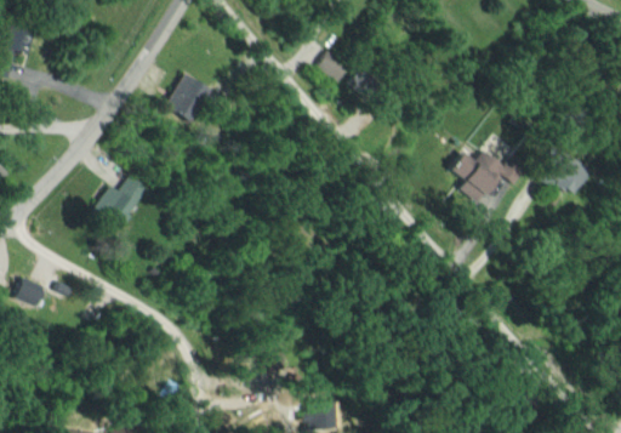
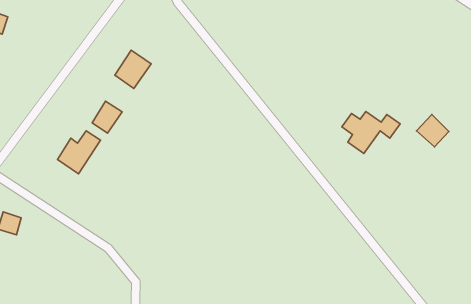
building: [317,50,349,81] -> none
building: none -> [92,101,122,133]

